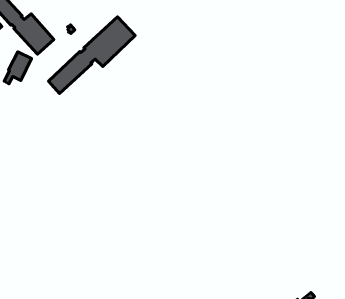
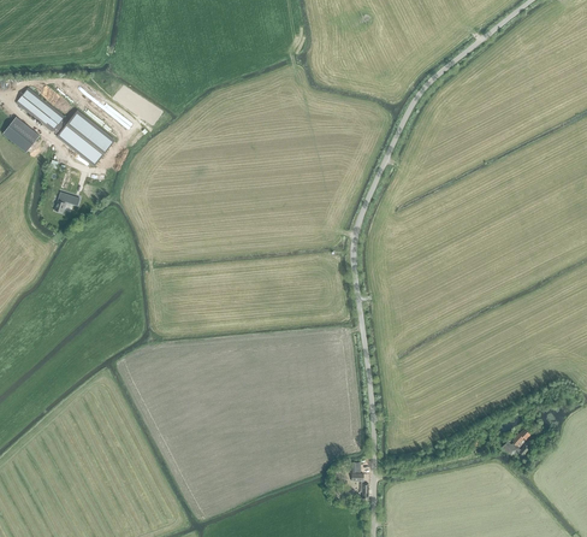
building: [48,17,135,94] -> none

